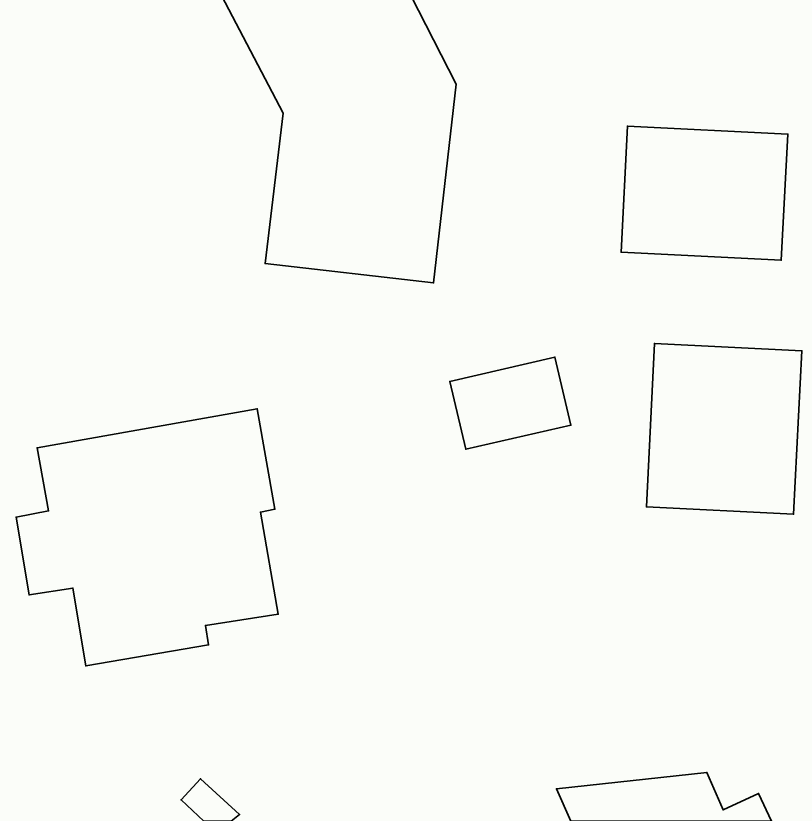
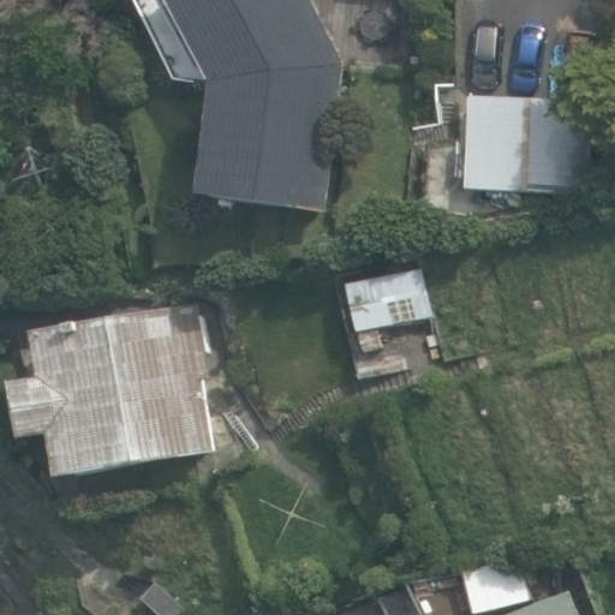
building: [646,343,802,514] -> none

